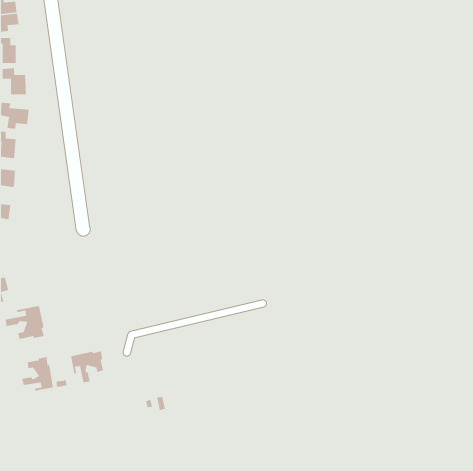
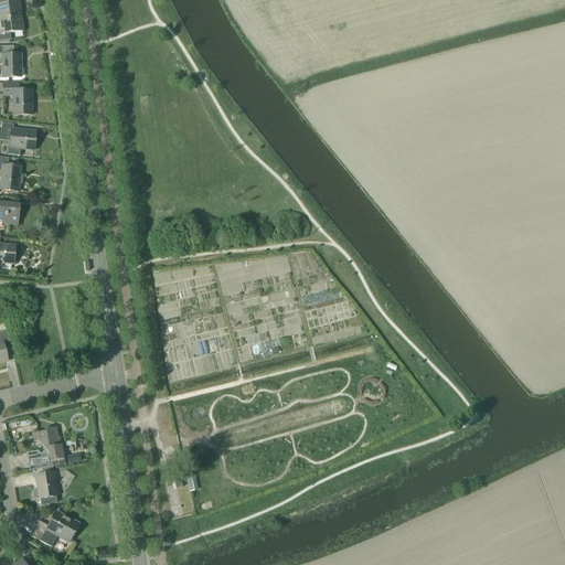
building: [5,305,45,340] -> none
building: [70,350,104,383] -> none
building: none -> [34,470,57,498]
building: none -> [30,511,78,545]

